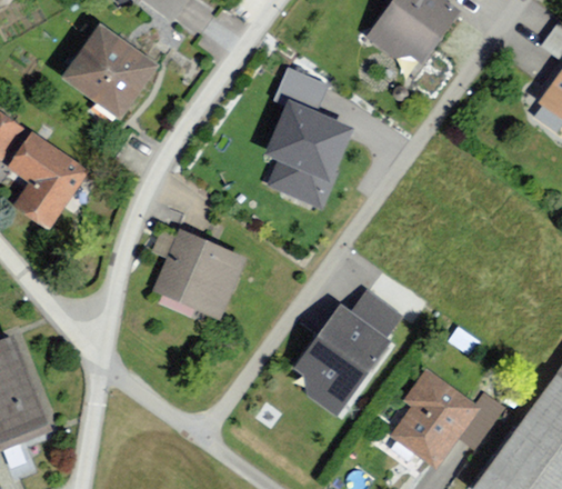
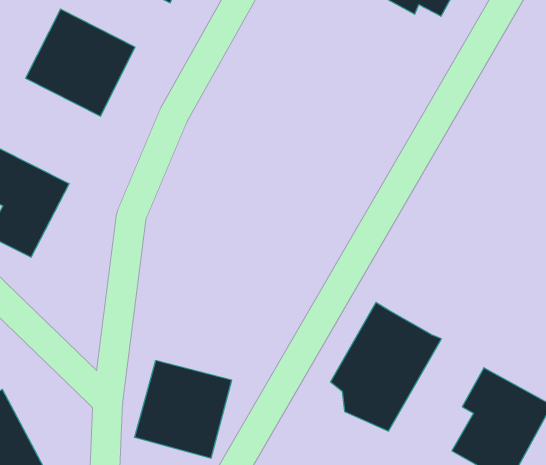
building: [265,63,355,202] -> none
building: [154,231,243,320] -> [134,361,232,458]
building: [350,290,400,336] -> none

